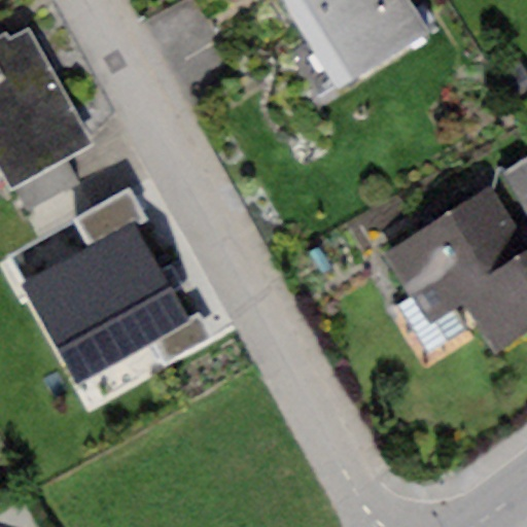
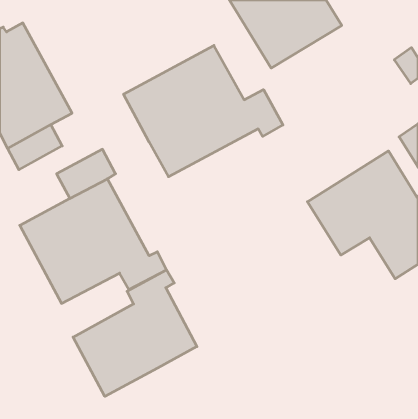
building: none -> [124,45,283,177]
building: none -> [73,270,197,396]

